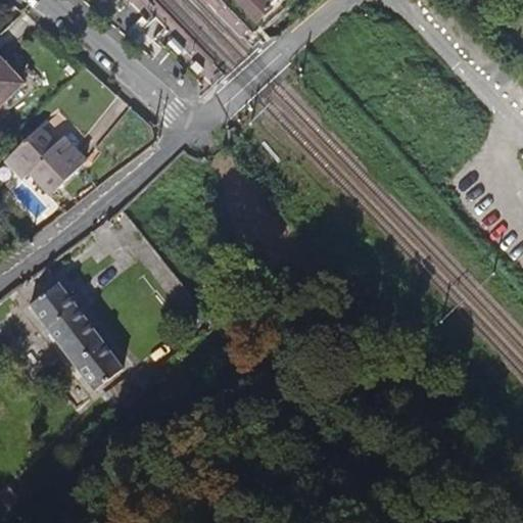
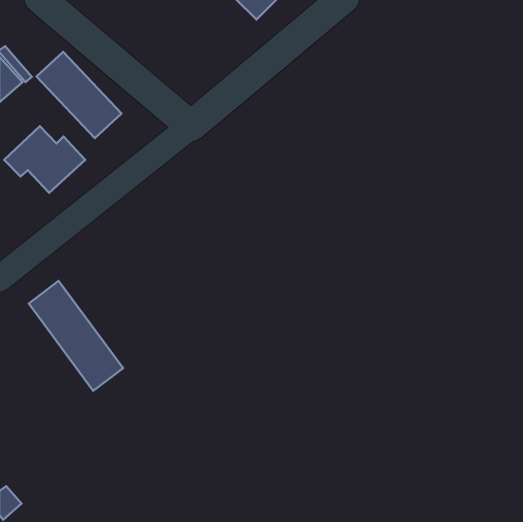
building: none -> [37,52,121,138]

